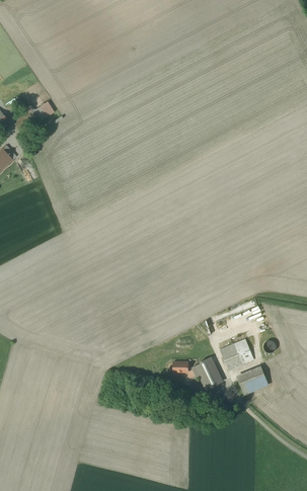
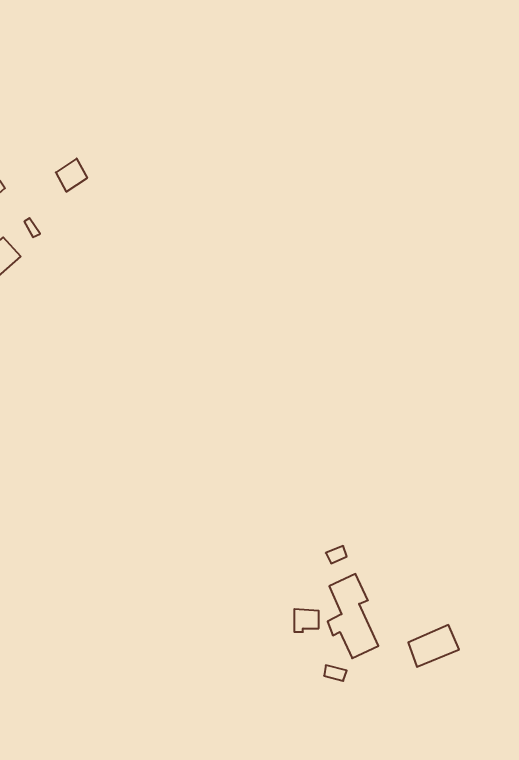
building: [220,339,253,371] -> none

